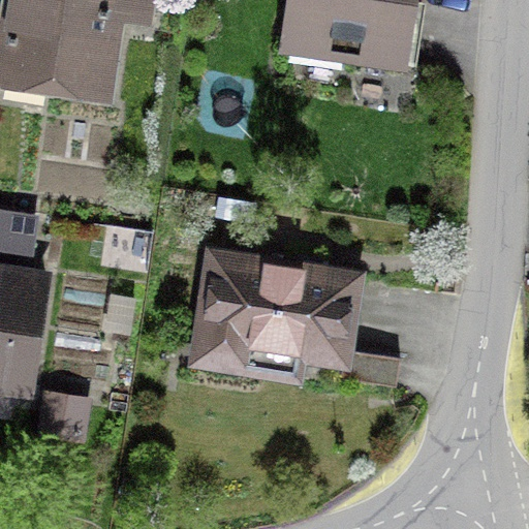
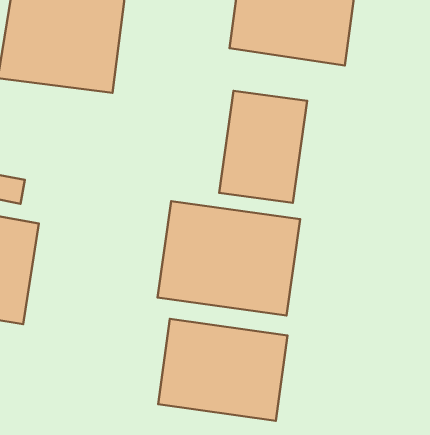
building: none -> [219,91,307,203]
building: none -> [158,319,288,421]

